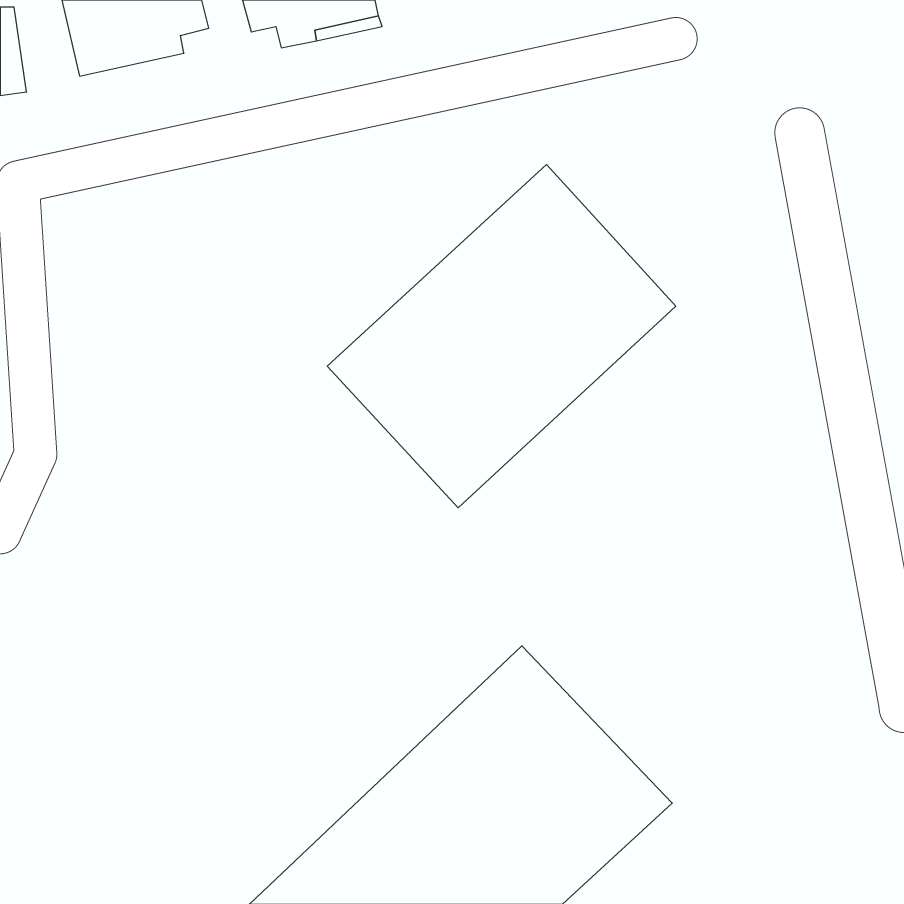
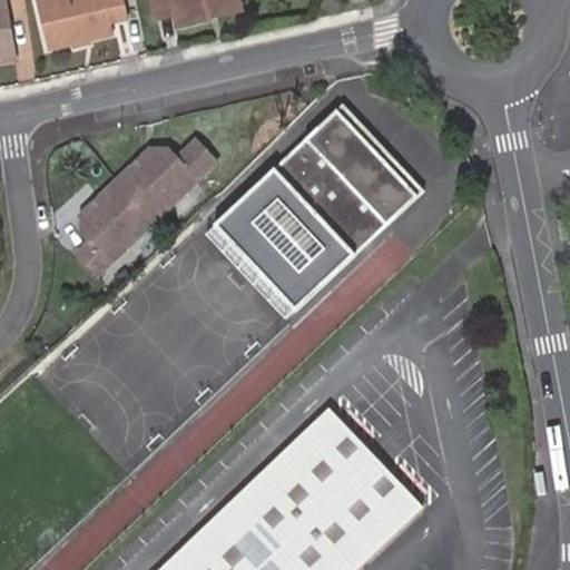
building: none -> [60,150,206,279]

